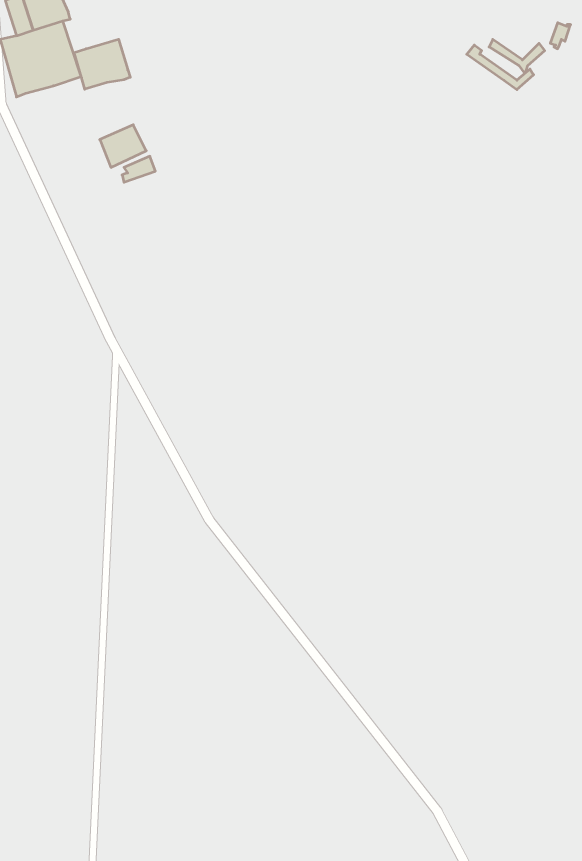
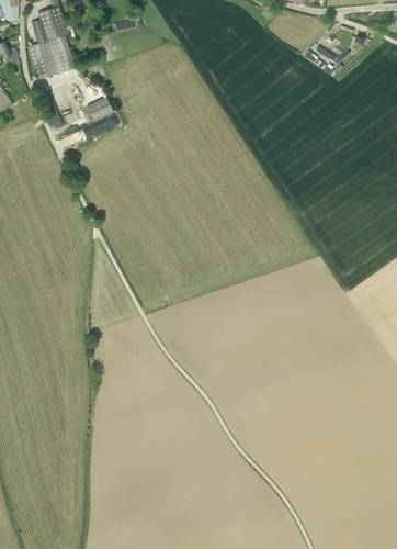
building: [74,39,130,89] -> none

